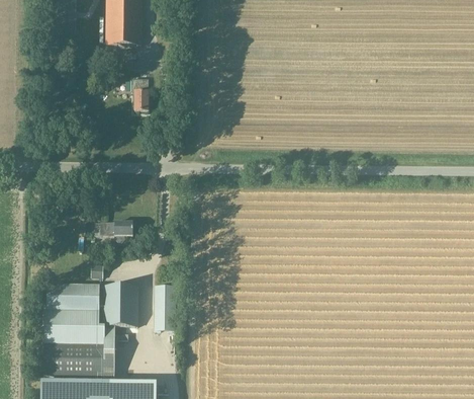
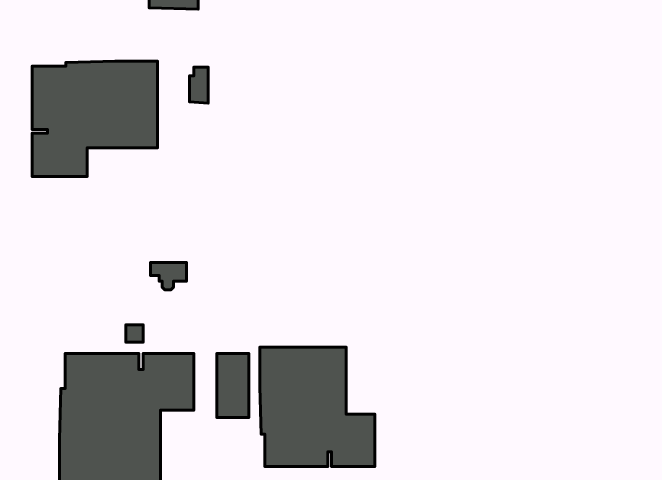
building: none -> [32,61,157,176]
building: none -> [260,347,375,467]

